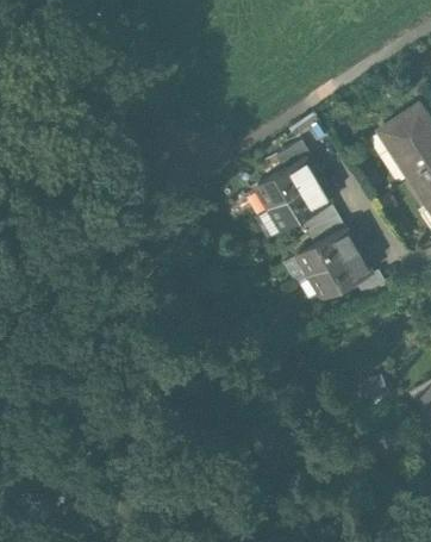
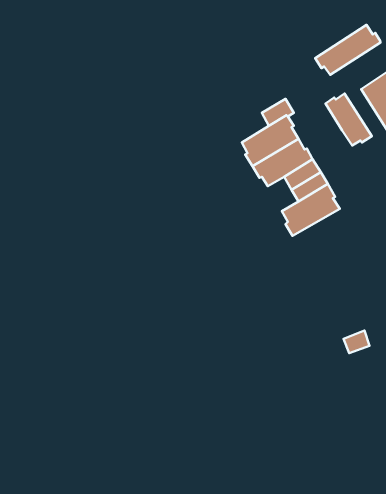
building: none -> [315,25,381,75]
building: none -> [326,94,372,146]
building: [310,250,371,297] -> none

